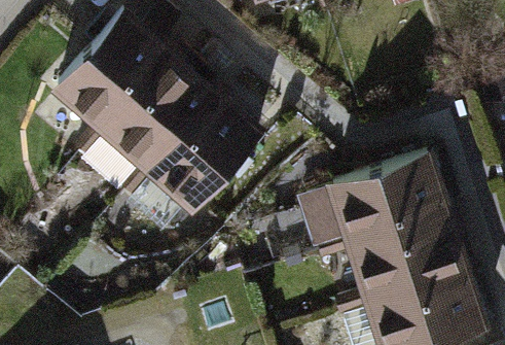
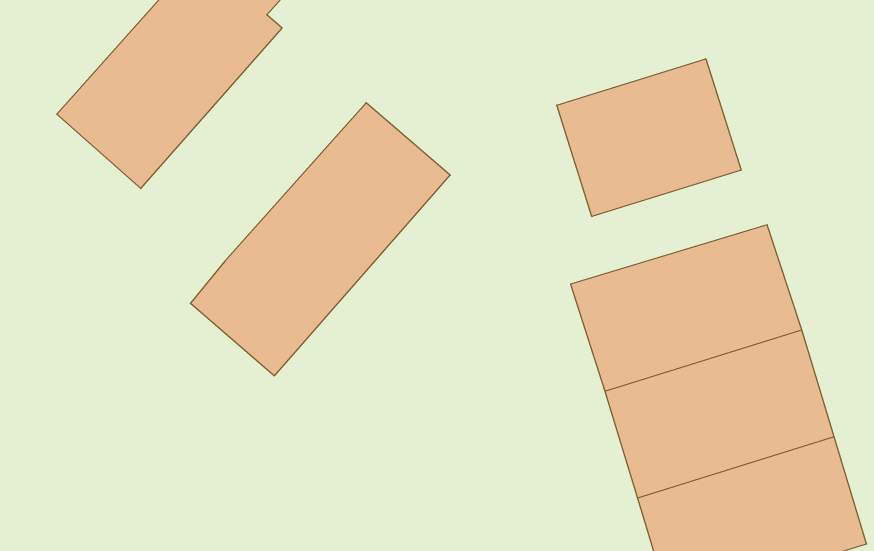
building: [83,50,218,192] -> none
building: none -> [557,59,741,217]

